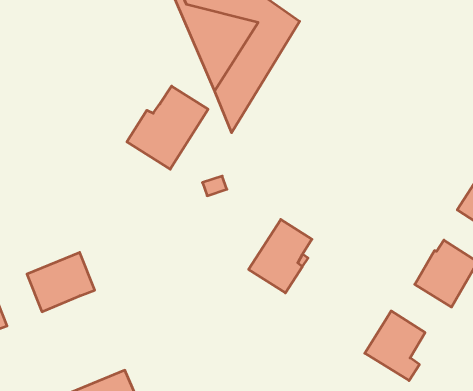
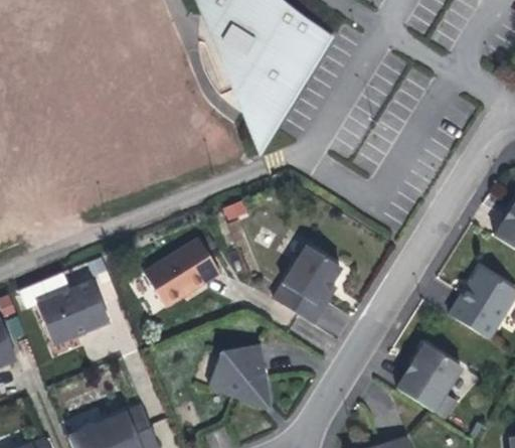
building: [127,86,208,169] -> none
building: none -> [145,237,220,306]
building: none -> [208,344,273,404]

